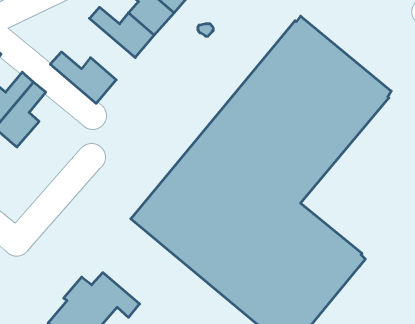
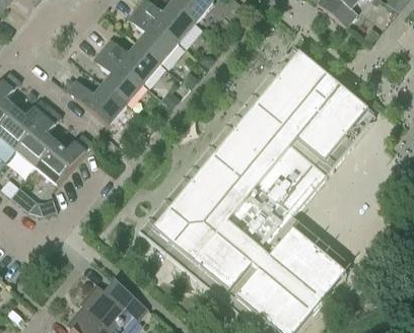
building: none -> [92,49,143,105]
building: none -> [36,133,92,184]

